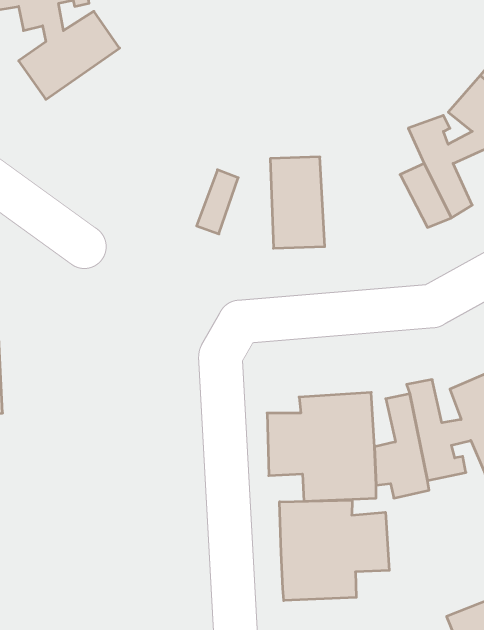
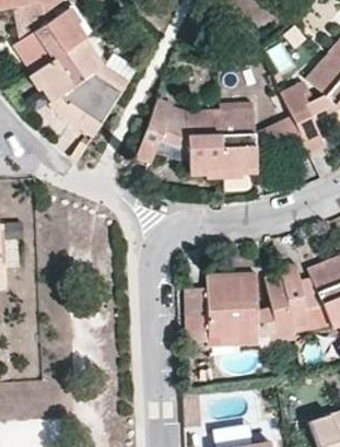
building: none -> [33,36,128,136]
building: none -> [220,109,256,188]
building: [280,500,389,601] -> none

